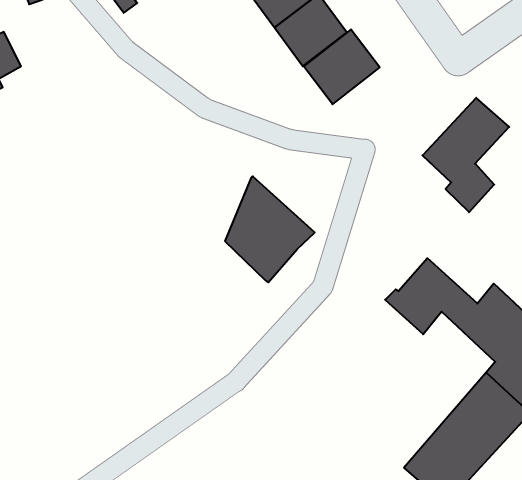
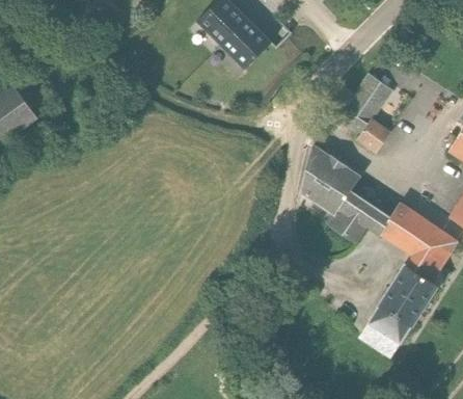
building: [304,29,380,104] -> none
building: [225,176,315,282] -> [300,144,361,216]

